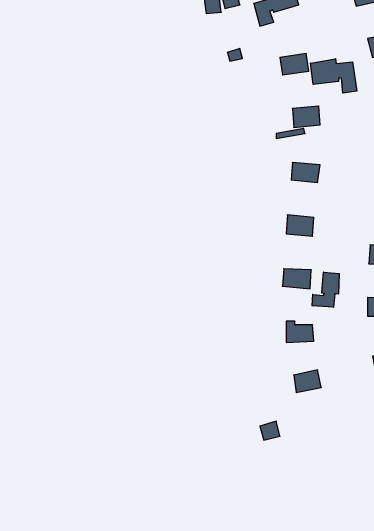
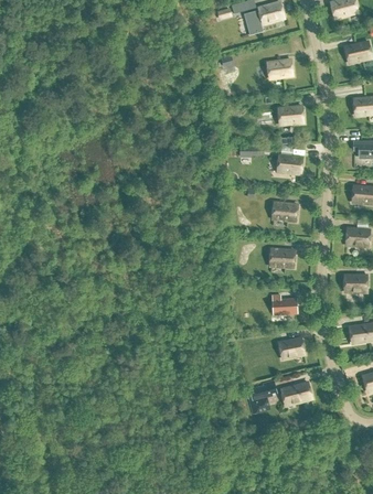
building: [311,59,357,93] -> none
building: [312,272,339,307] -> none
building: none -> [281,382,311,404]

